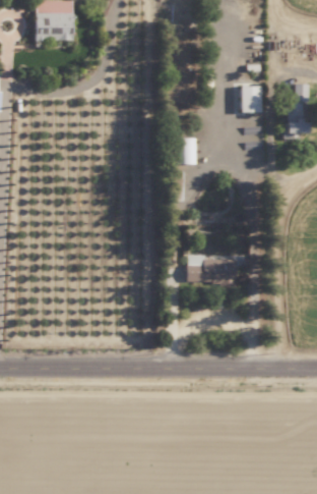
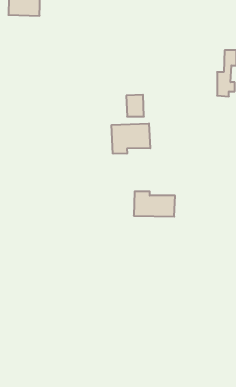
building: [241,85,261,111] -> none
building: none -> [112,123,150,154]

